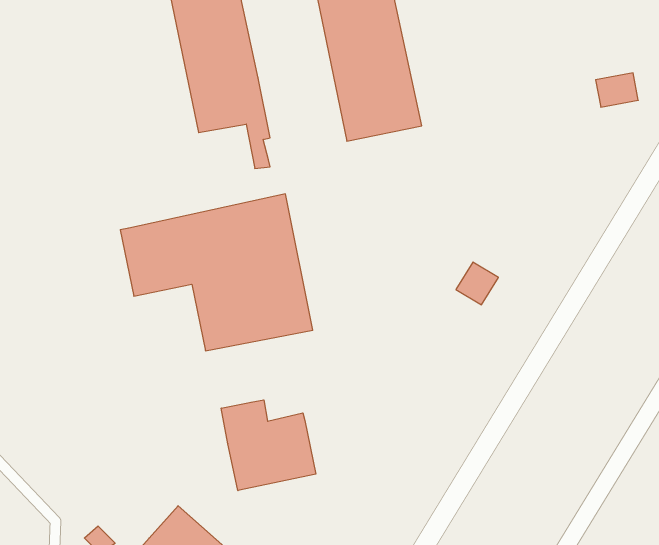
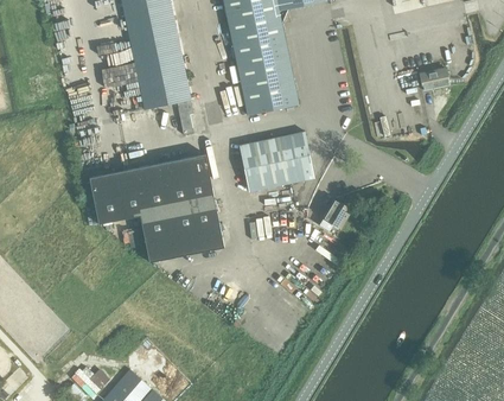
building: none -> [240,132,314,192]
building: [221,400,316,491] -> none

